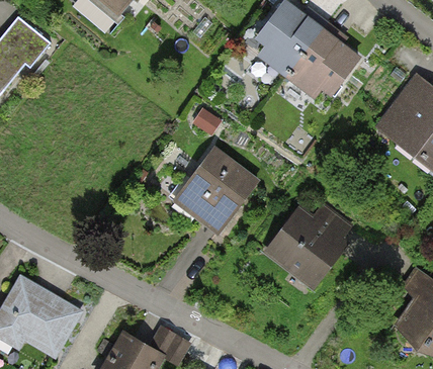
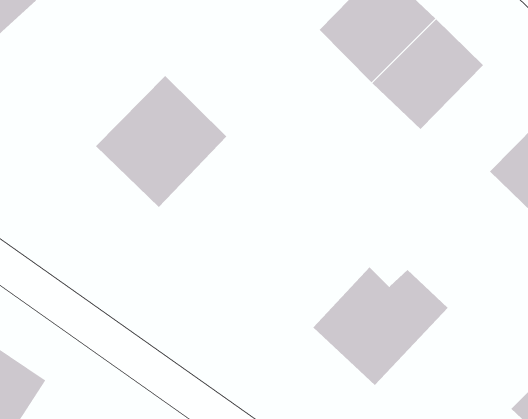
building: [172,145,262,237] -> [95,75,227,208]

